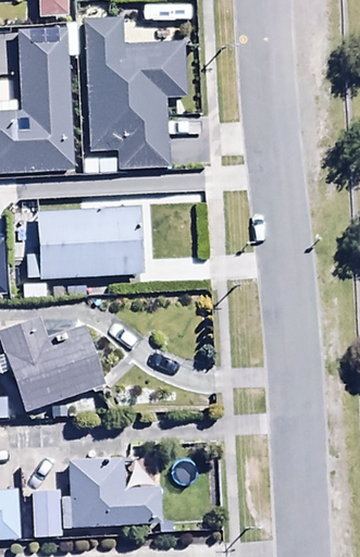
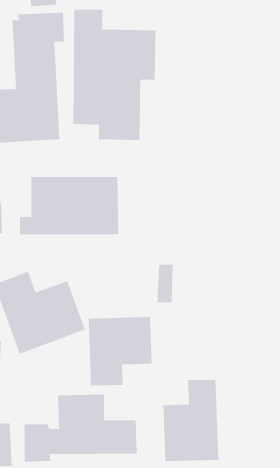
building: none -> [88,316,152,386]
building: none -> [162,379,219,462]

